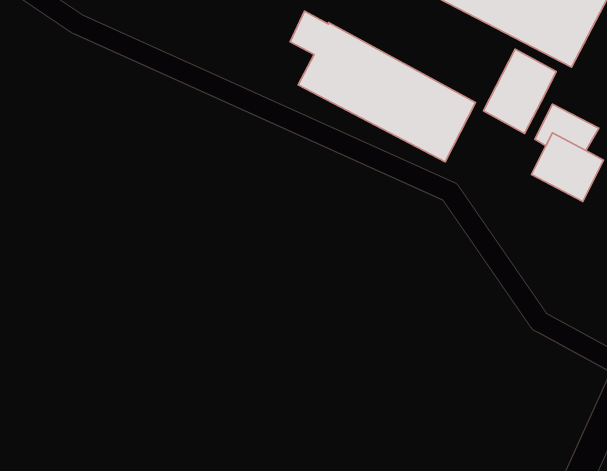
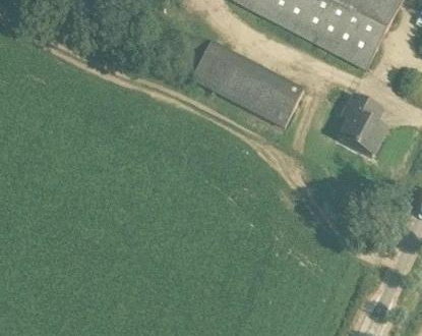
building: [484,49,556,133] -> none

